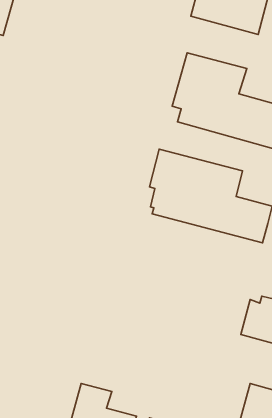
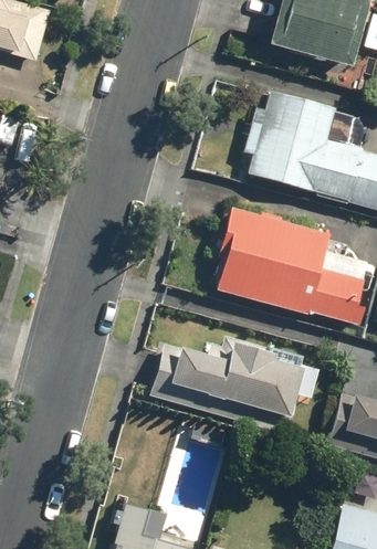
building: none -> [151,336,310,439]

